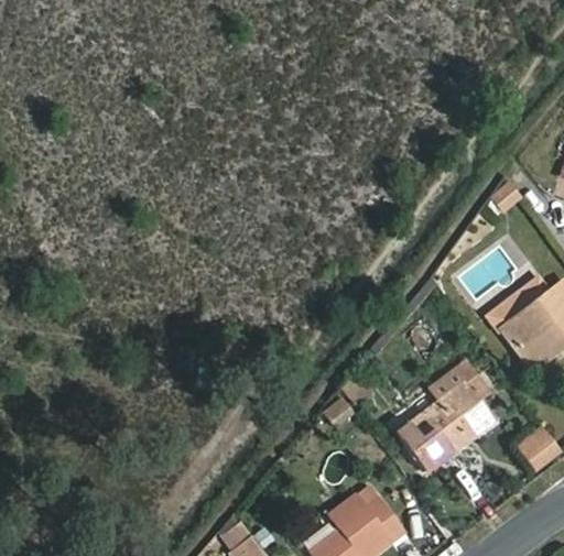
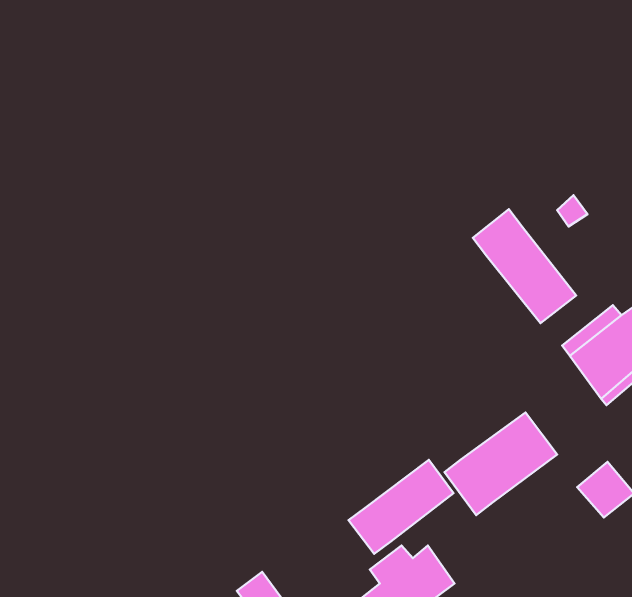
building: none -> [473,209,576,323]
building: none -> [348,460,454,554]

